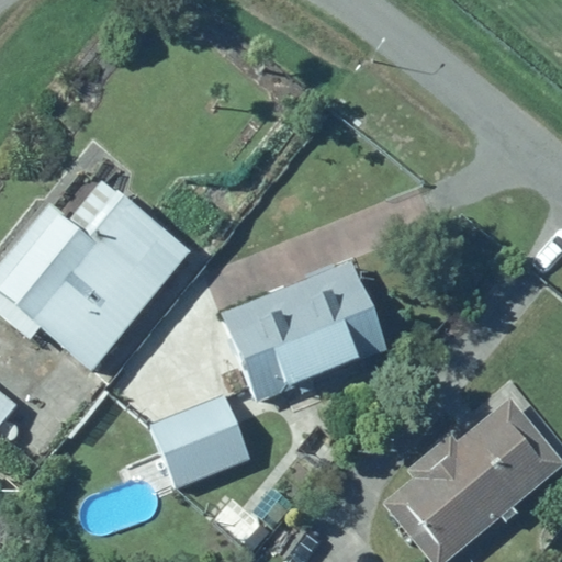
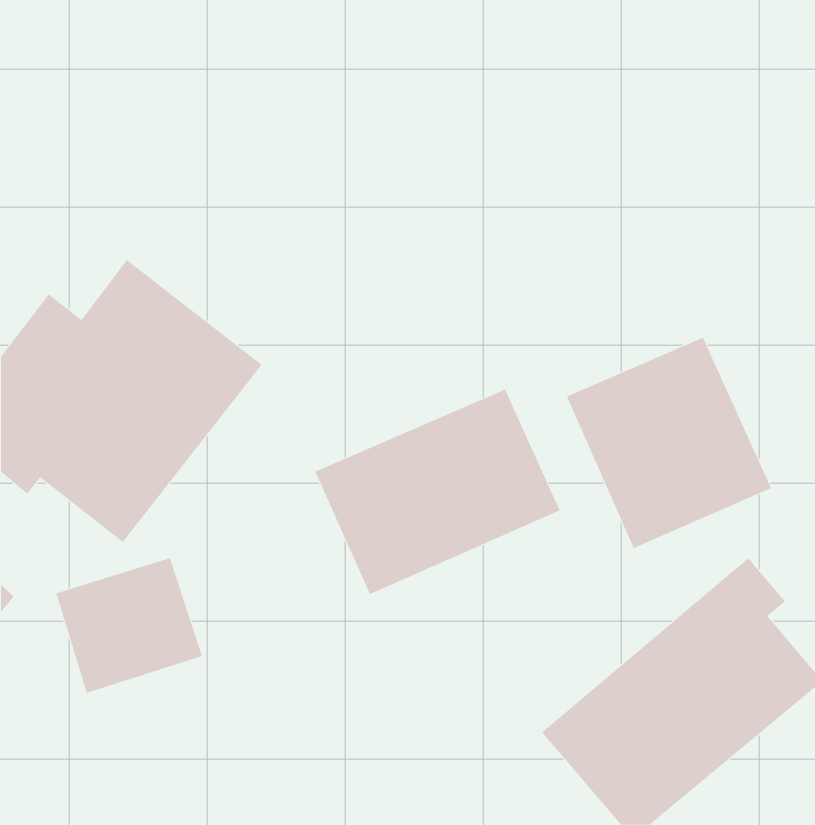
building: none -> [566,337,772,549]
building: [151,396,251,488] -> [55,557,203,694]

